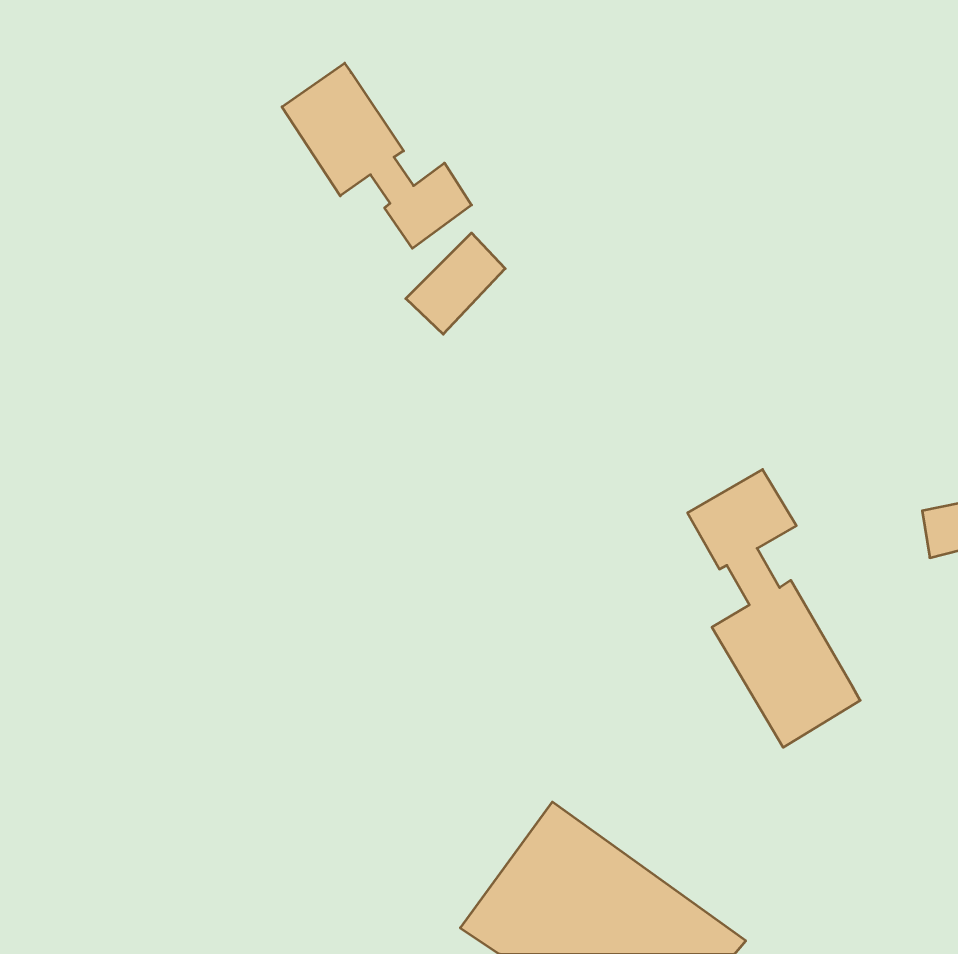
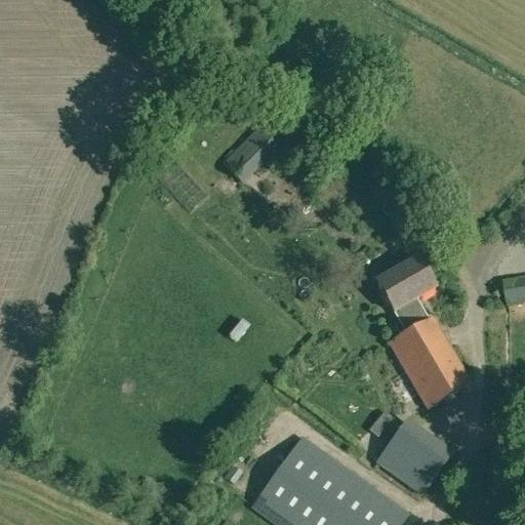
building: [282,63,472,248] -> none
building: none -> [376,417,454,494]

